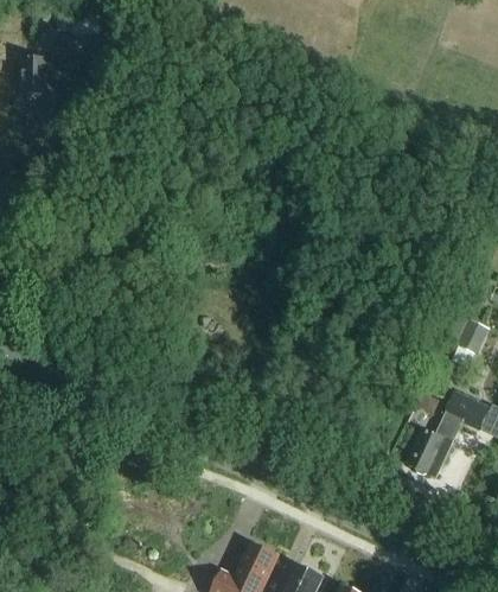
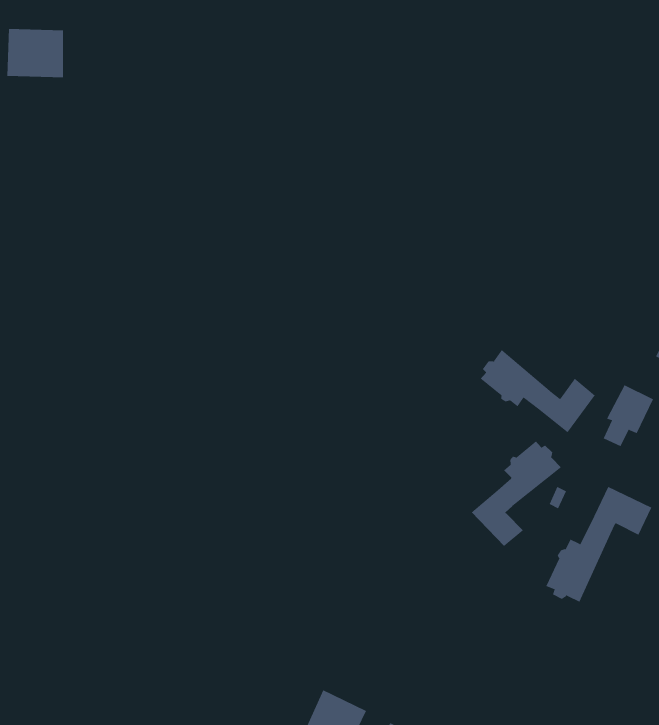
building: none -> [480,349,596,433]
building: none -> [471,440,562,547]

